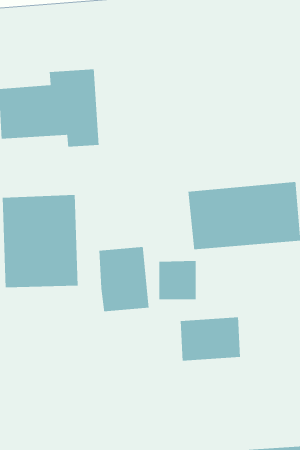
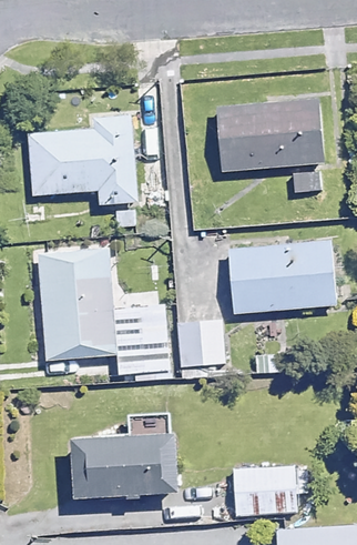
building: none -> [202,107,328,172]
building: [180,317,241,362] -> [237,463,305,513]
building: none -> [51,436,177,499]

